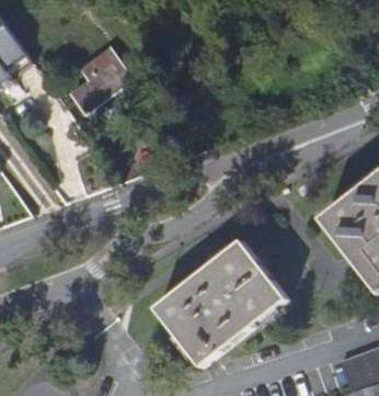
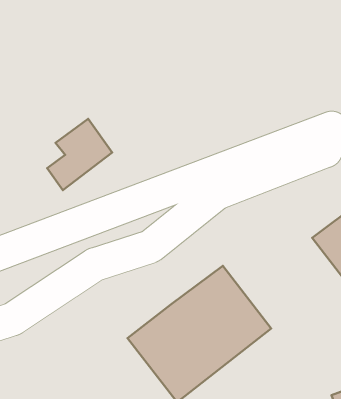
building: [70,49,129,114] -> [47,119,112,190]

